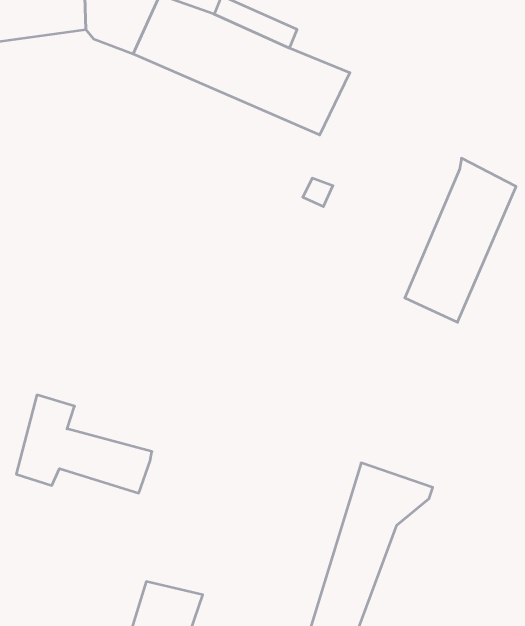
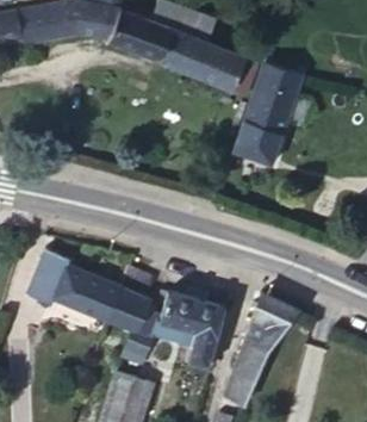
building: [405,158,516,322] -> [236,73,306,176]
building: none -> [156,293,224,380]
building: none -> [112,298,156,365]

